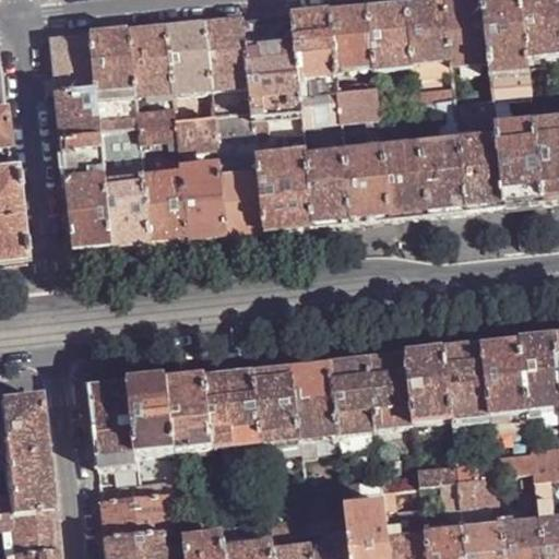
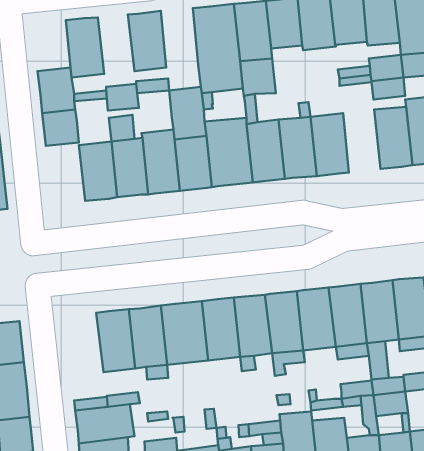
building: [205,15,250,86] -> none
building: [130,23,174,94] -> none
building: [52,29,97,91] -> none
building: [340,84,381,118] -> none
building: [177,114,218,150] -> none
building: [102,123,143,150] -> none
building: [424,136,468,212] -> none
building: [68,176,115,250] -> none
building: [91,380,138,466] -> none

